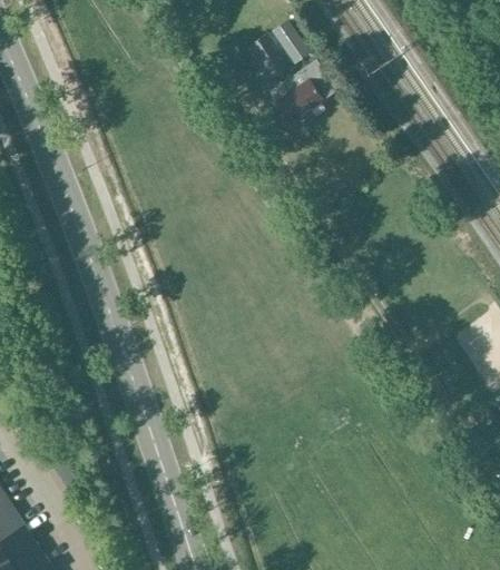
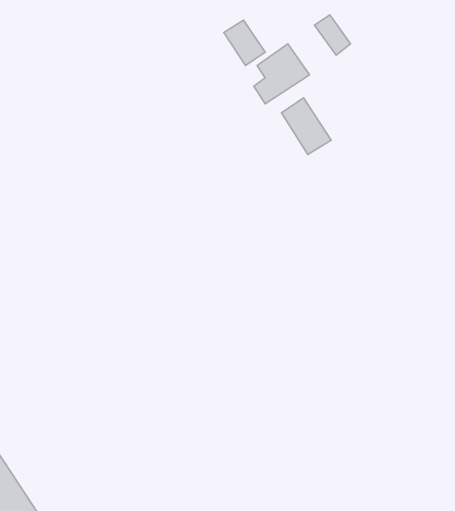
building: [271,21,310,65] -> [314,15,350,55]
building: none -> [281,98,331,155]

